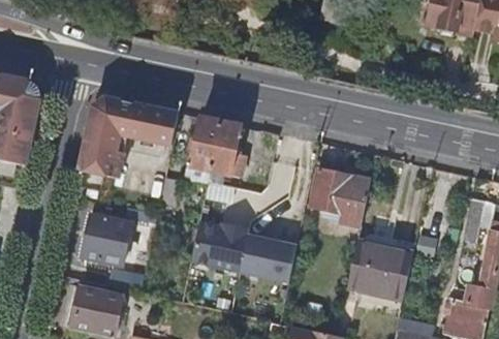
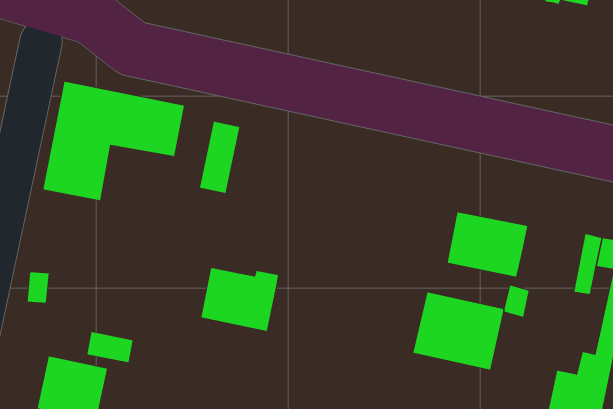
building: [211,121,245,176] -> none
building: [311,168,370,216] -> [447,212,528,277]
building: [82,214,132,266] -> none
building: [240,235,298,282] -> none

